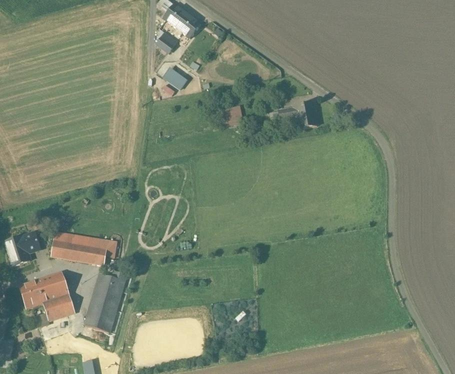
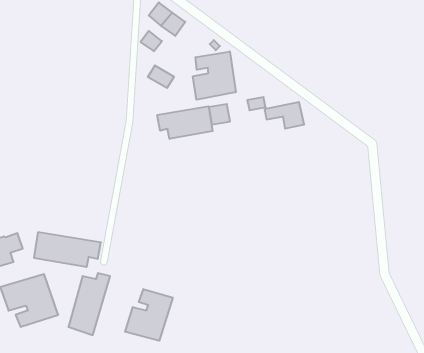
building: none -> [193,51,236,100]
building: none -> [157,106,213,139]
building: none -> [125,289,173,341]

